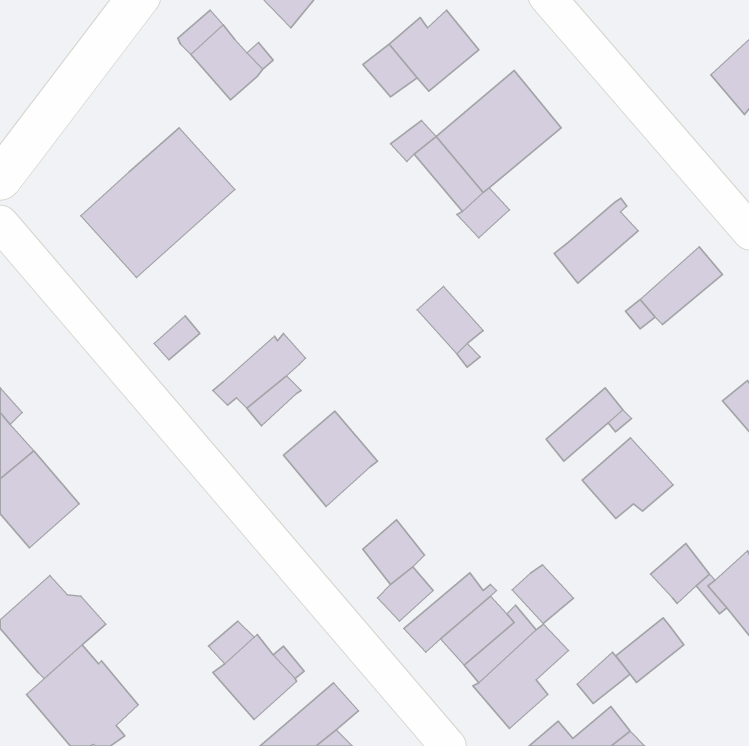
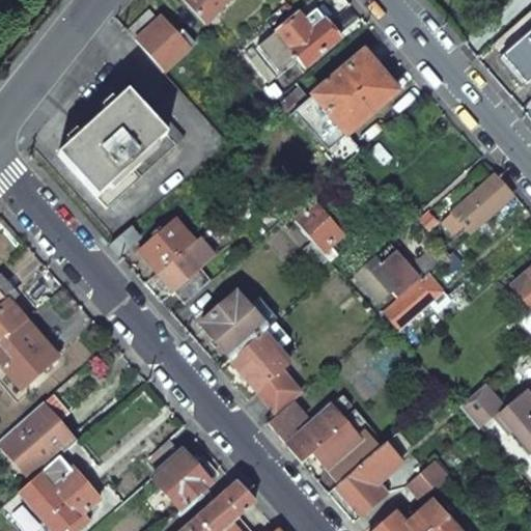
building: none -> [97,83,185,207]
building: [554,198,638,283] -> none
building: none -> [140,218,195,270]
building: [582,438,673,518] -> [356,244,420,301]
building: none -> [231,330,289,388]
building: [512,565,574,623] -> none
building: [616,618,684,683] -> none

